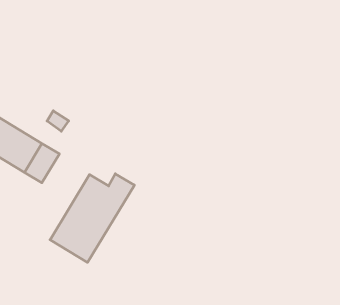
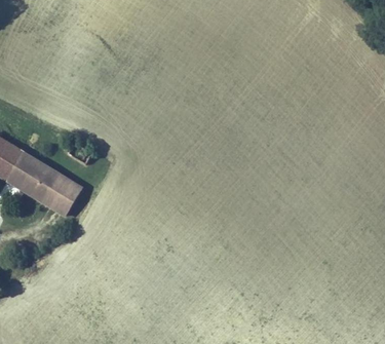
building: [50,174,134,262] -> none

